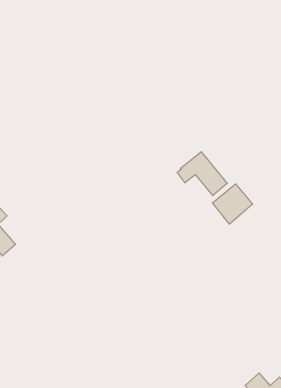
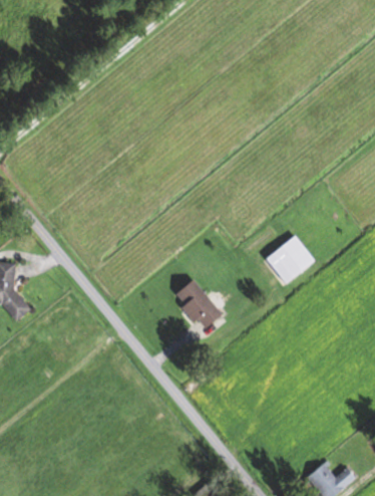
building: [177,152,227,196] -> none
building: none -> [174,279,222,329]

